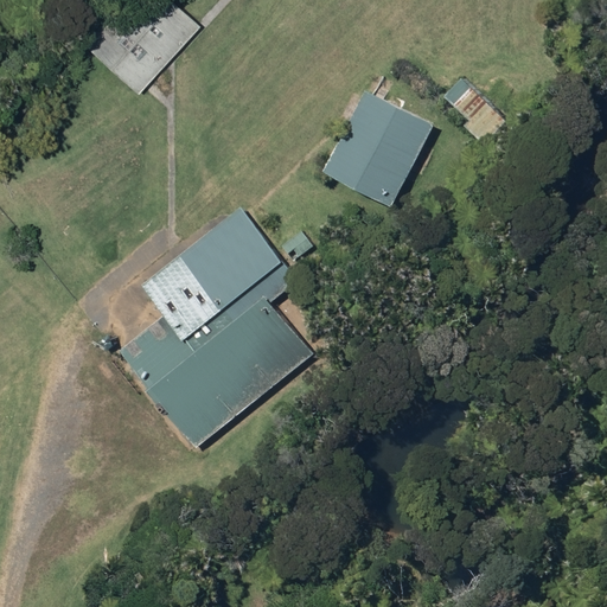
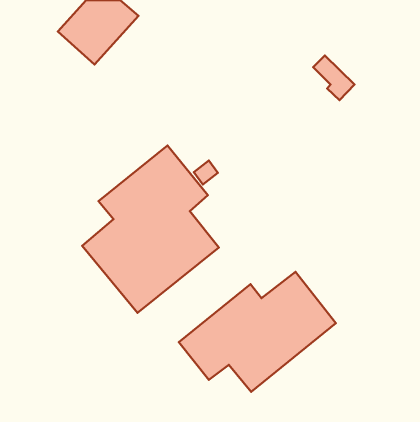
building: [320,89,435,209] -> none
building: none -> [179,272,336,392]

